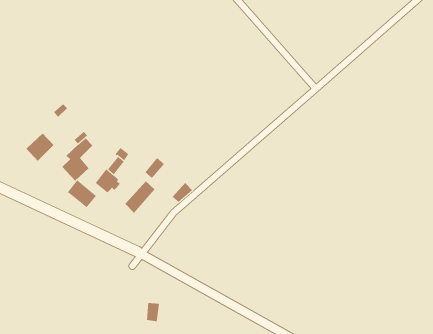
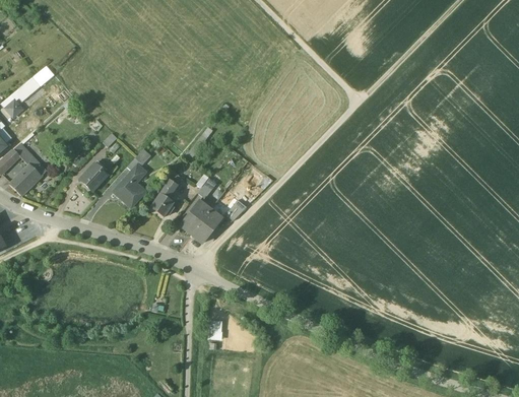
building: [66,179,97,209] -> none
building: none -> [191,208,222,242]

